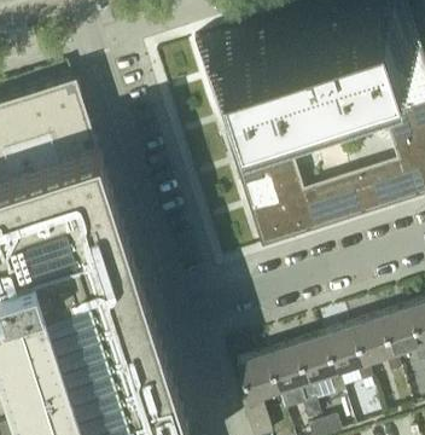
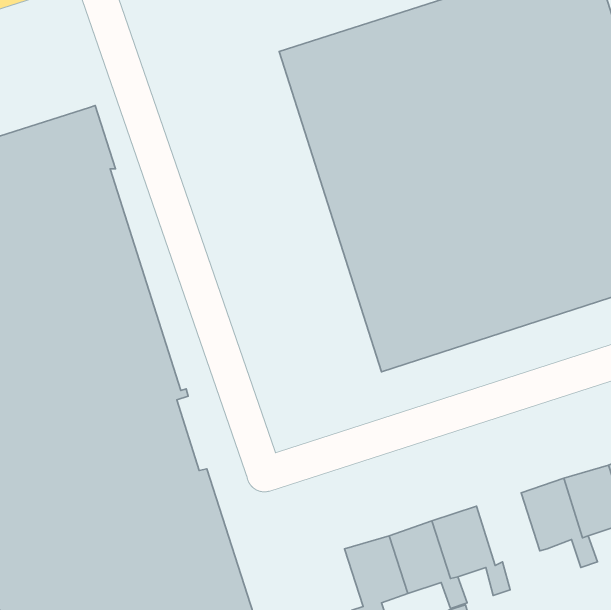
building: [320,330,371,387] -> none

